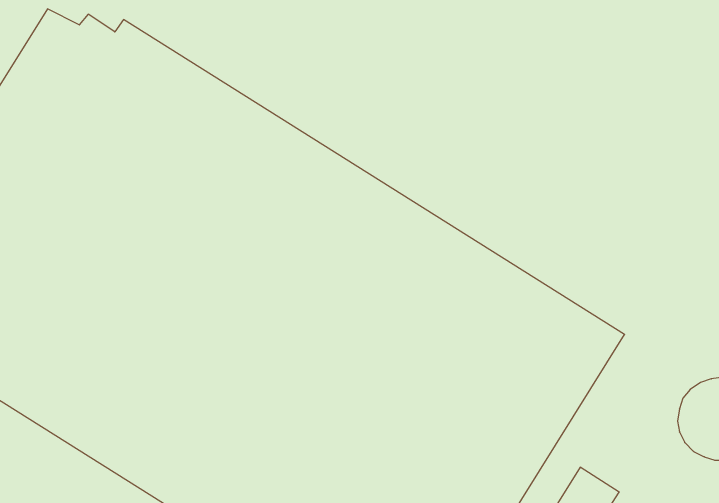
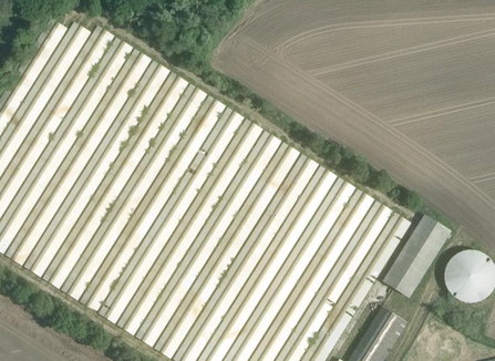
building: none -> [383,214,452,297]

